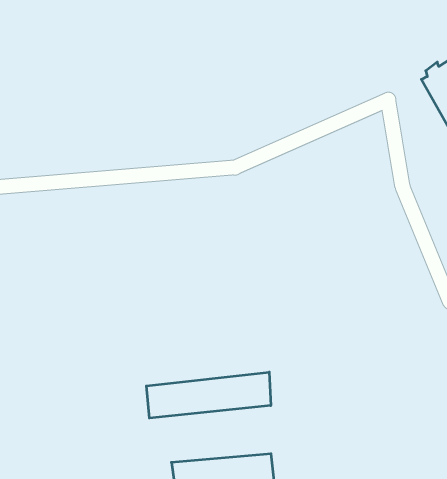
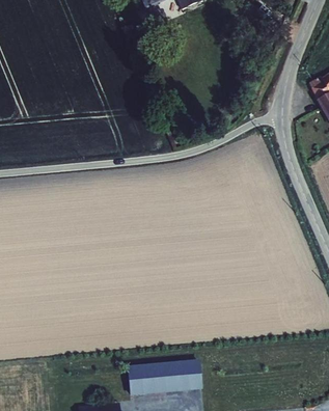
building: [146,372,271,418] -> none

